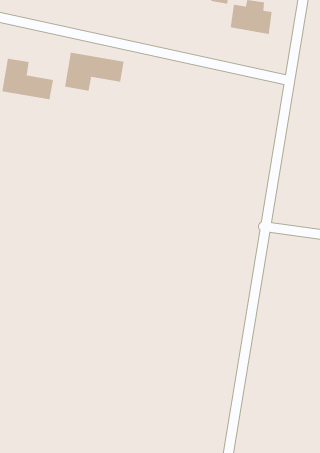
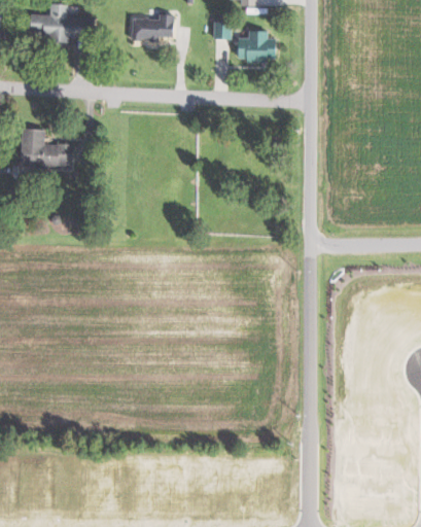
building: [64,52,124,92] -> none

